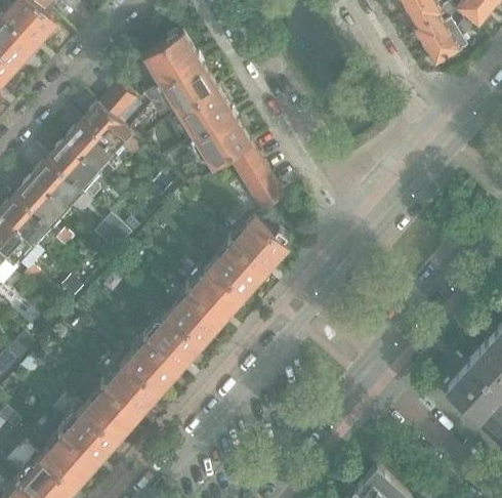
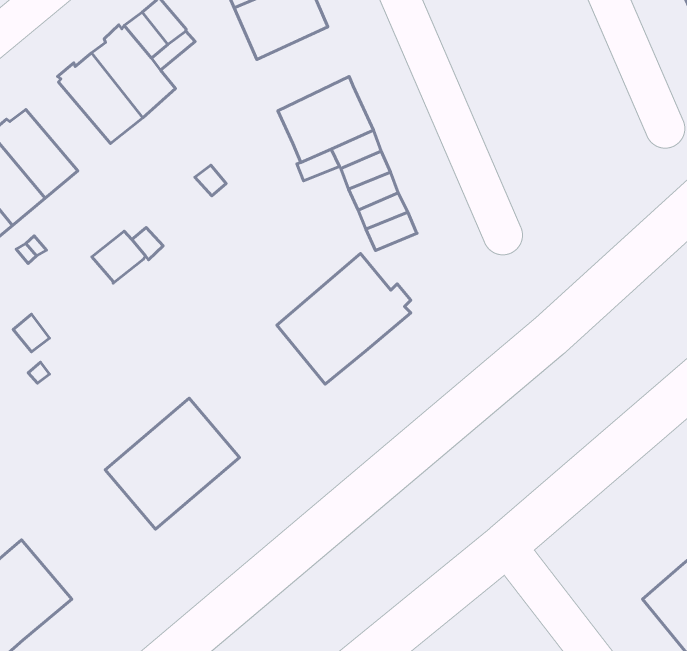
building: [178,88,233,140] -> none
building: [50,142,101,192] -> none
building: [168,263,245,342] -> none
building: [84,361,160,438] -> none

